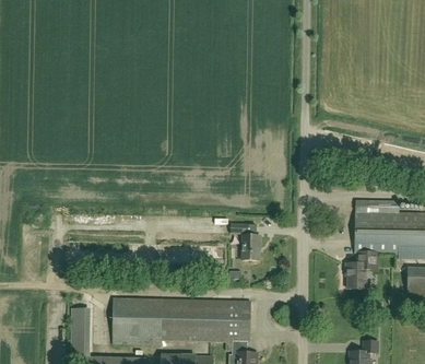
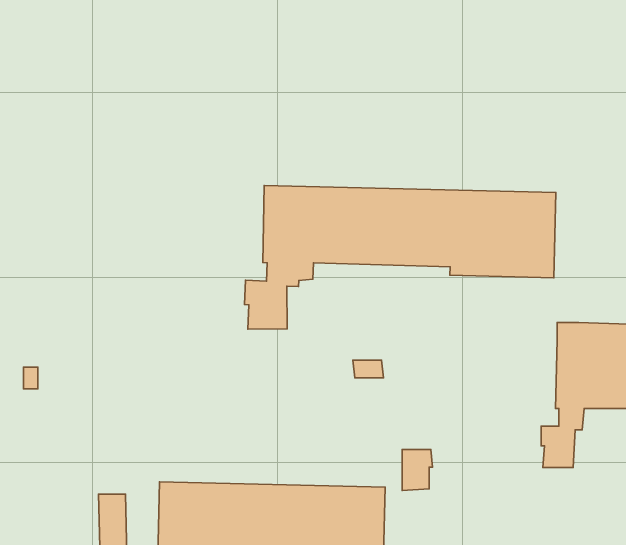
building: none -> [244,185,556,329]
building: [241,235,260,260] -> [402,449,433,491]

